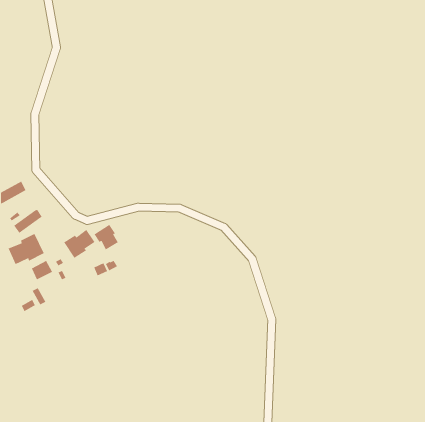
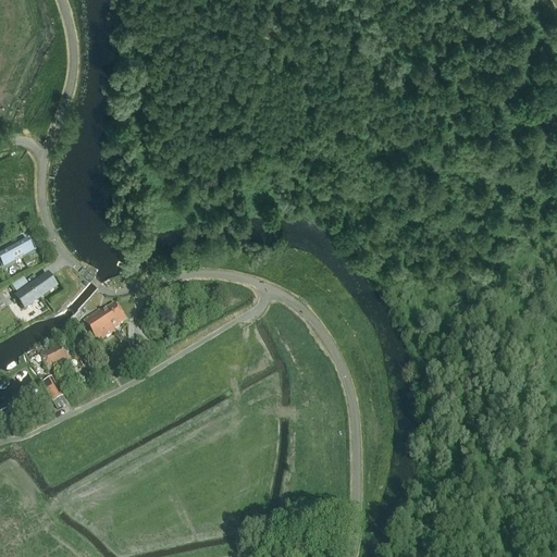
building: [94,224,119,250] -> none
building: [7,233,45,265] -> none

